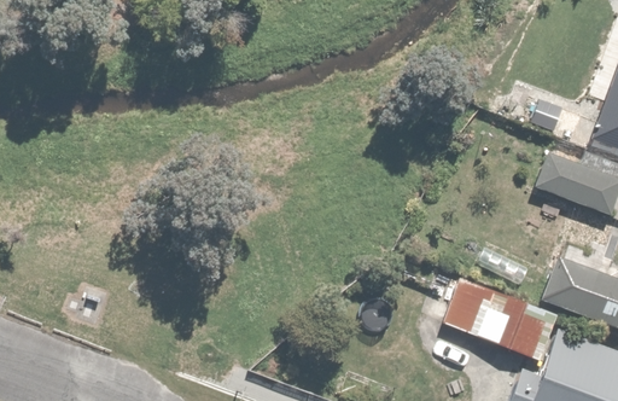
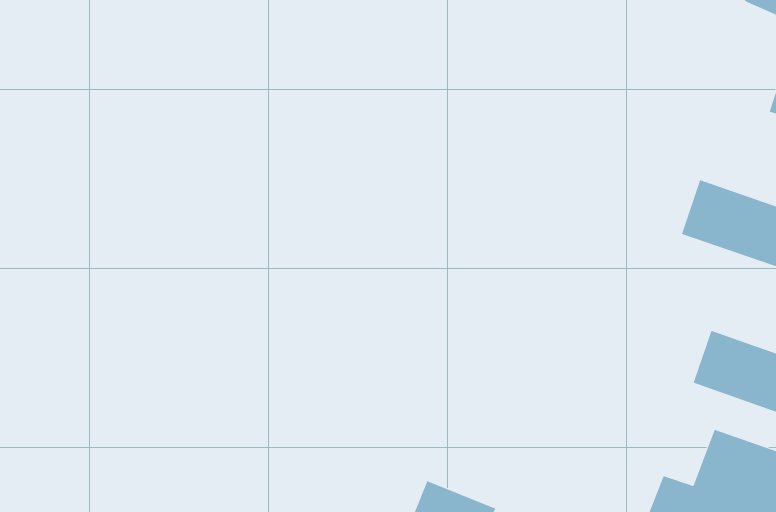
building: [444,274,561,361] -> none

